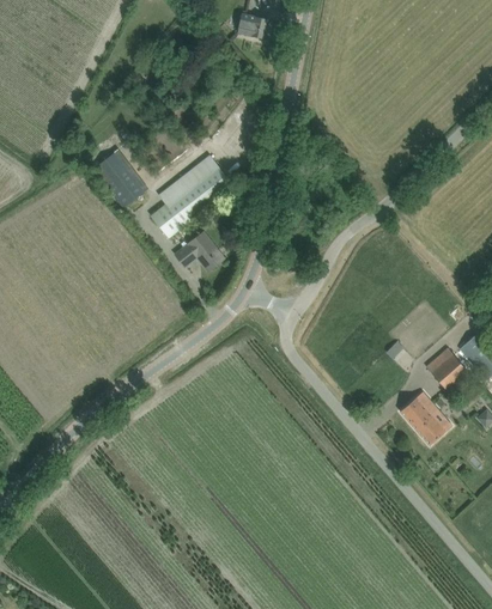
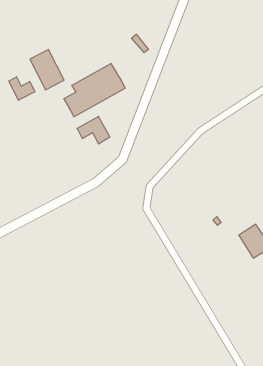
building: none -> [9,77,35,100]
building: [399,390,451,444] -> none

